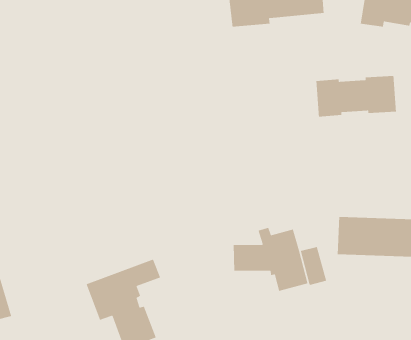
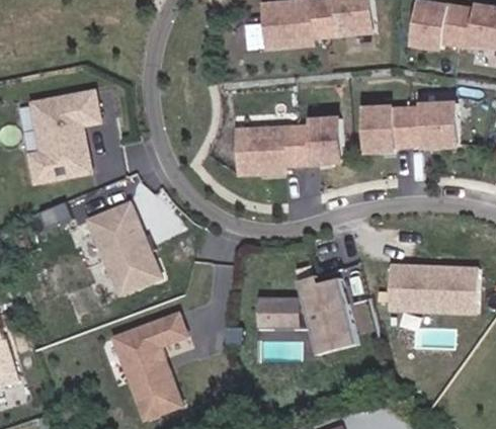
building: none -> [29,91,98,181]
building: none -> [236,117,339,173]
building: none -> [88,202,160,293]

